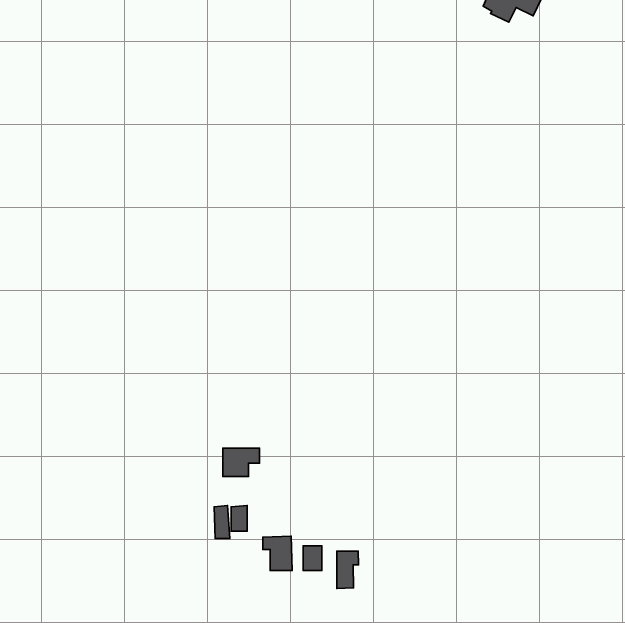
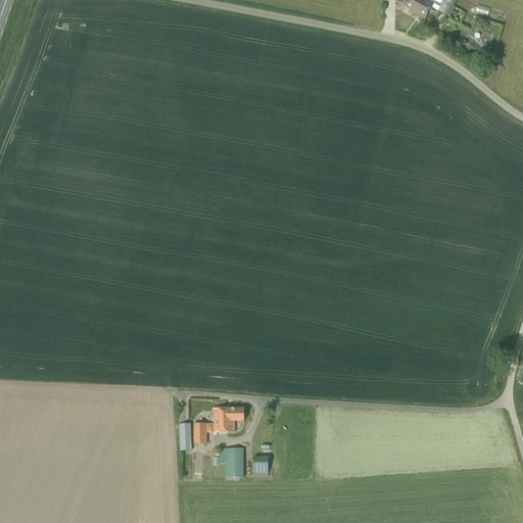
building: [223,448,260,476] -> [213,408,244,431]
building: [337,551,359,589] -> none

